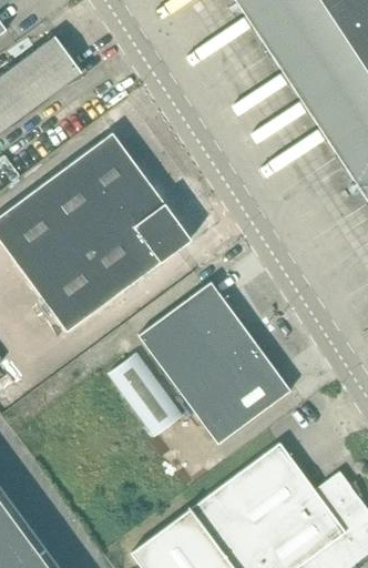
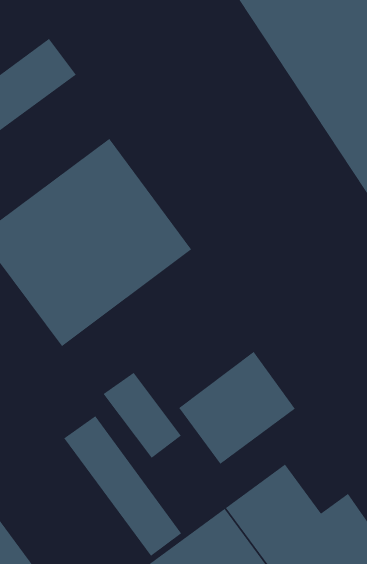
building: [137,283,249,390] -> none
building: none -> [63,415,182,557]

